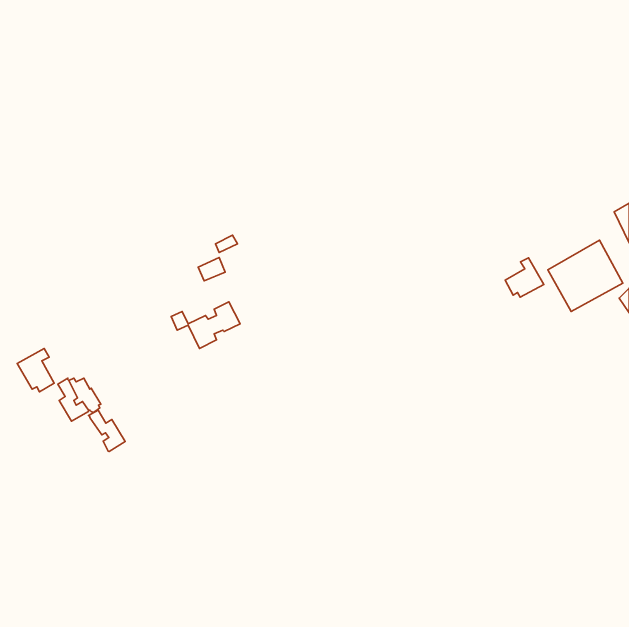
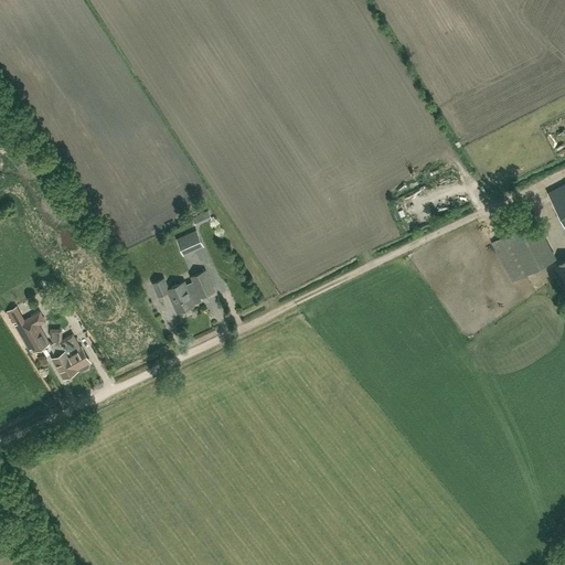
building: [505,258,544,297] -> none
building: [88,410,125,452] -> none

